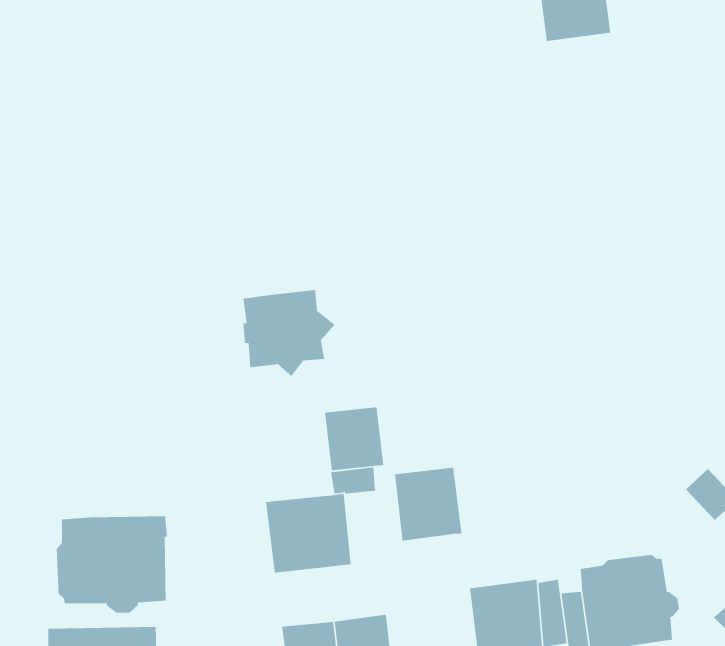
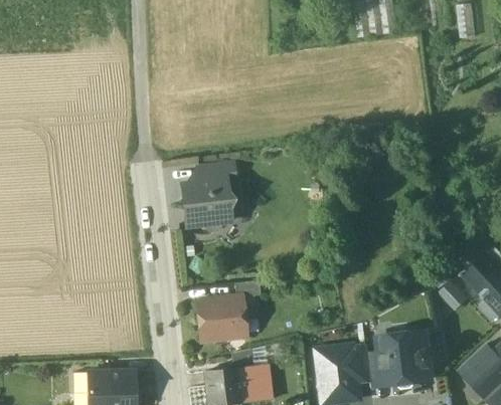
building: none -> [197,163,235,181]
building: [324,407,384,471] -> none
building: [394,467,463,541] -> none
building: [56,516,168,614] -> none

